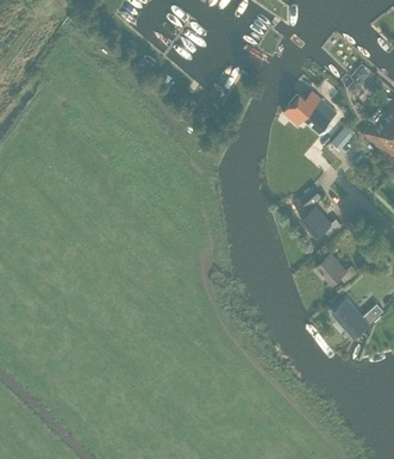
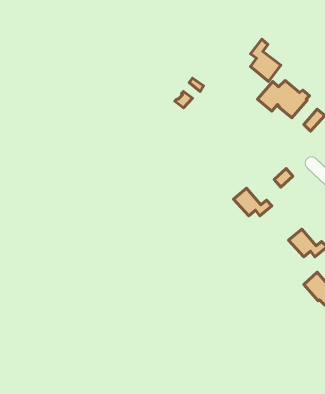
building: none -> [250,39,281,82]
building: [300,207,342,237] -> [233,188,272,216]

